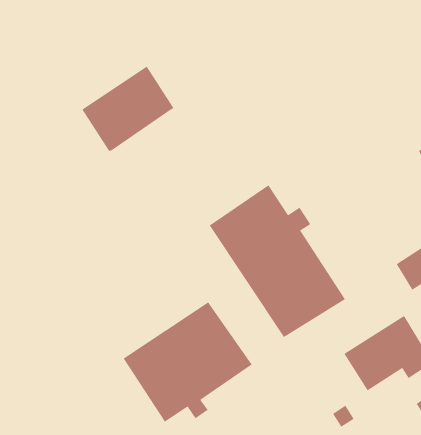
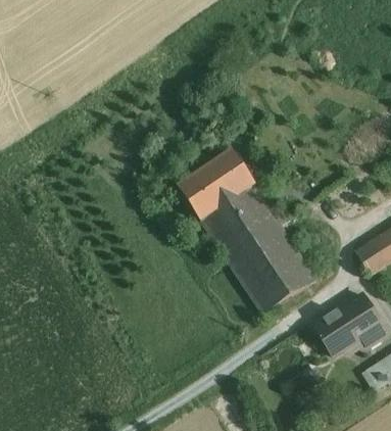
building: [81,66,174,152] -> [178,150,254,221]
building: [123,301,253,423] -> none

